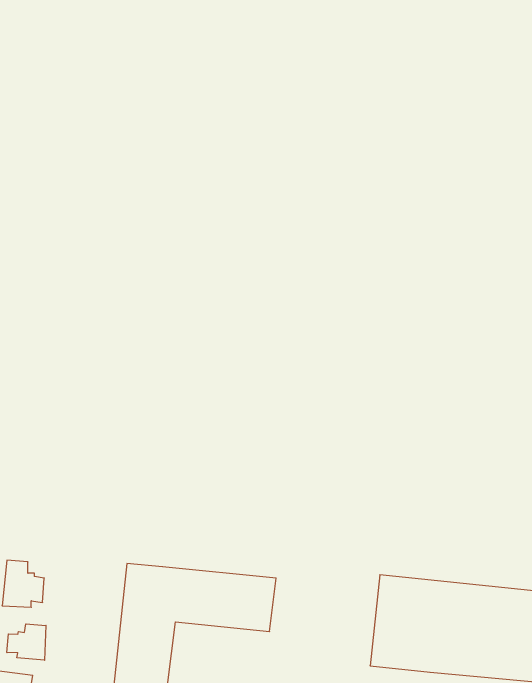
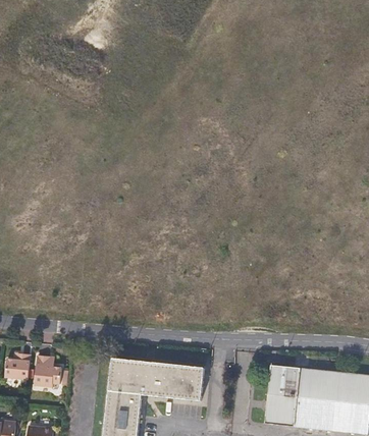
building: [7,624,46,660] -> none

